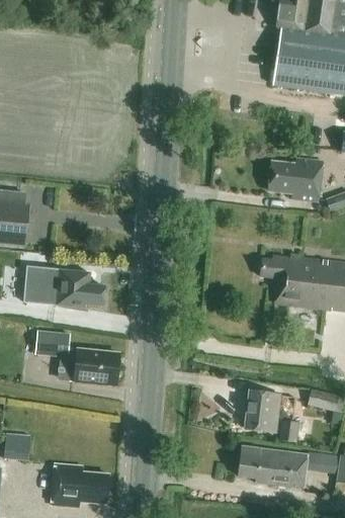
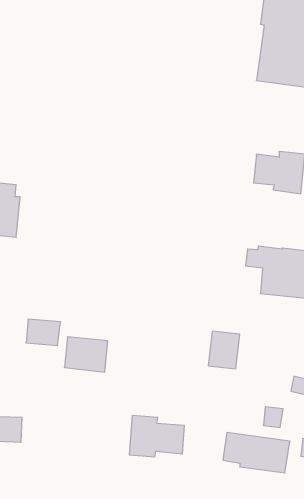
building: [24,266,104,308] -> none
building: [247,393,279,431] -> [208,331,240,369]
building: [53,463,109,506] -> [129,416,184,457]

